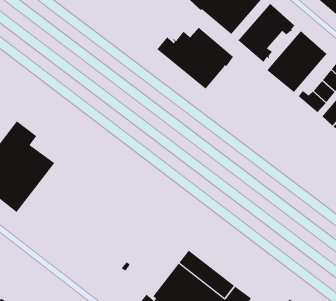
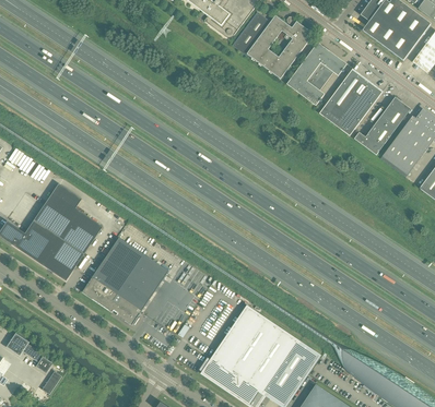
building: [157,27,234,90] -> none
building: none -> [82,237,168,324]

